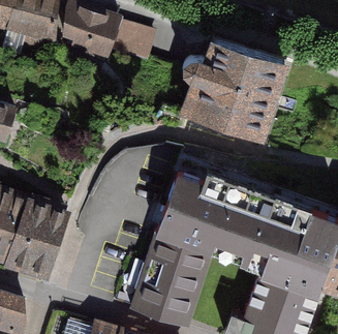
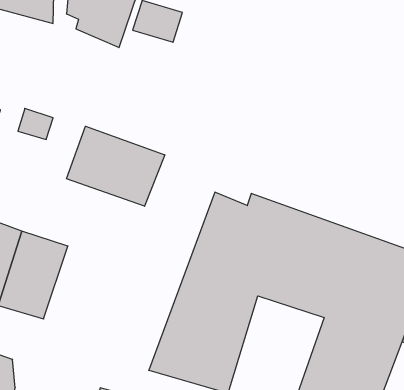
building: [182,36,286,140] -> none
building: none -> [66,126,165,206]

